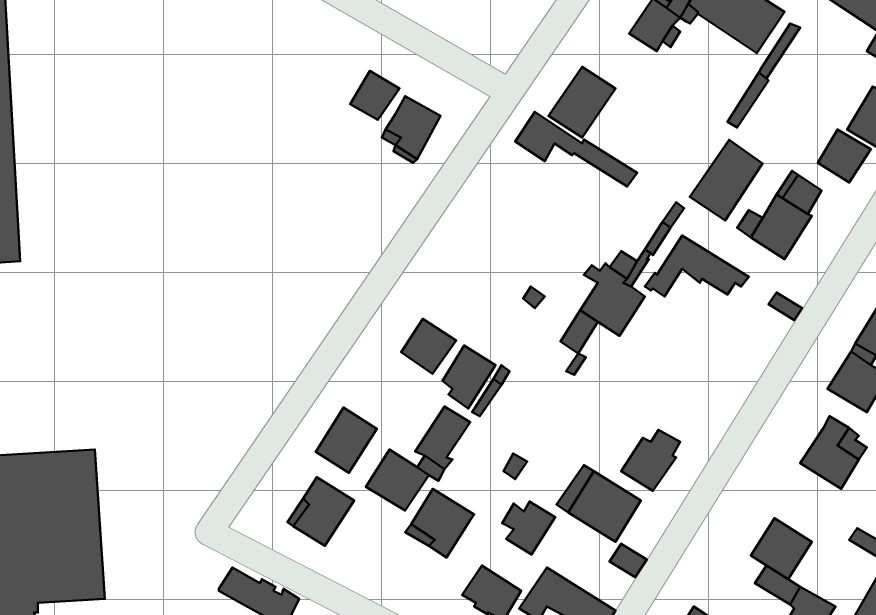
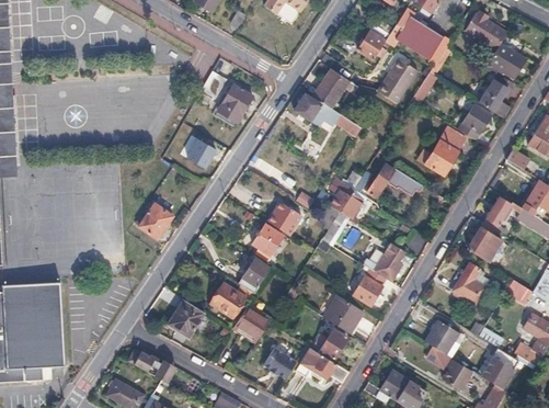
building: [690,140,762,220] -> [376,58,416,103]
building: none -> [187,138,216,168]
building: none -> [139,203,172,237]
building: [401,319,456,374] -> [271,203,301,234]
building: none -> [359,242,403,282]
building: [316,408,377,473] -> none
building: [502,502,555,555] -> [317,329,346,359]

